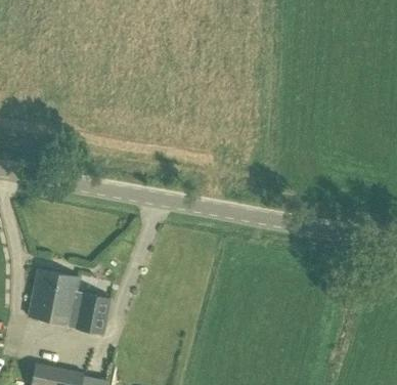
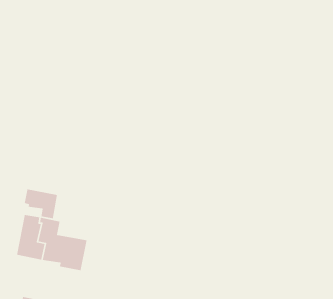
building: none -> [24,189,58,219]

